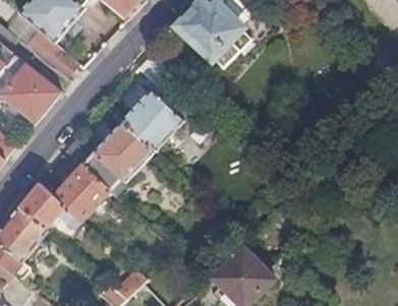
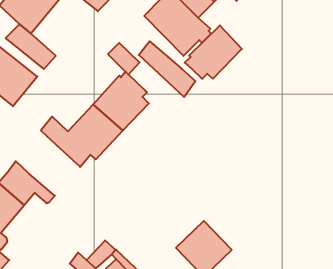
building: none -> [185,25,242,79]
building: none -> [139,41,195,97]
building: [52,165,109,222] -> none

